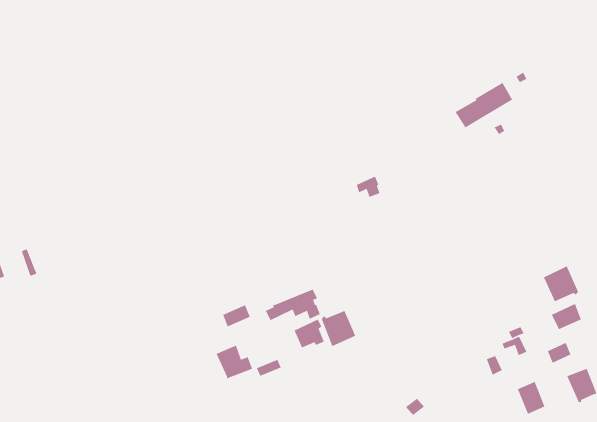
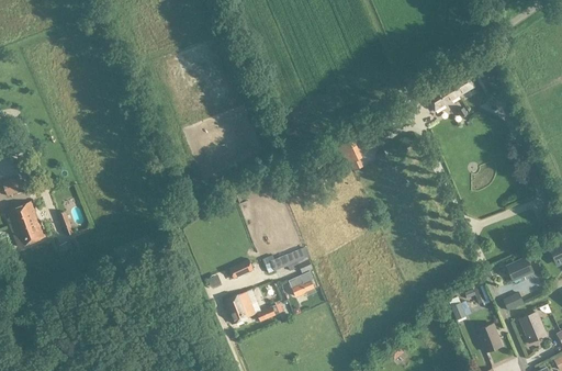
building: [543,265,579,302] -> none
building: [321,310,356,347] -> none

